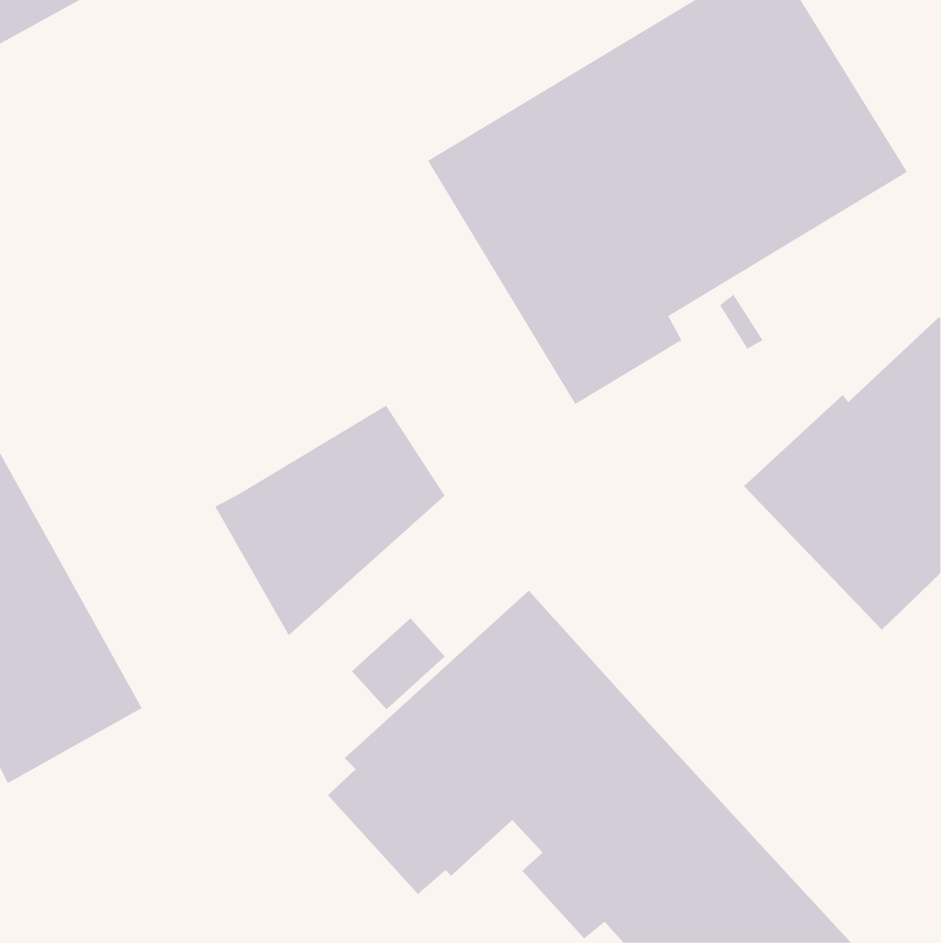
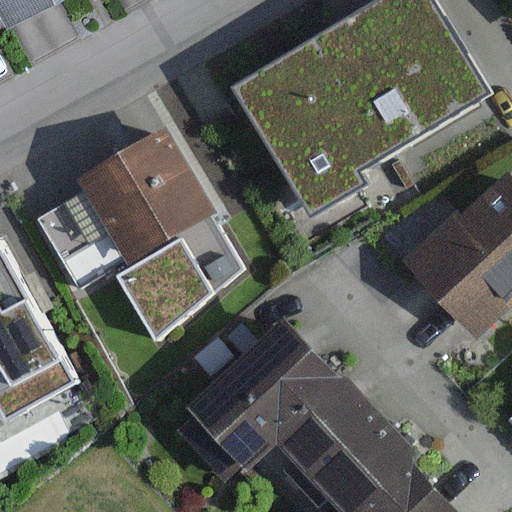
building: none -> [35,126,218,267]

